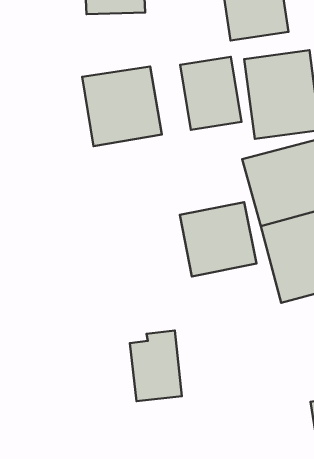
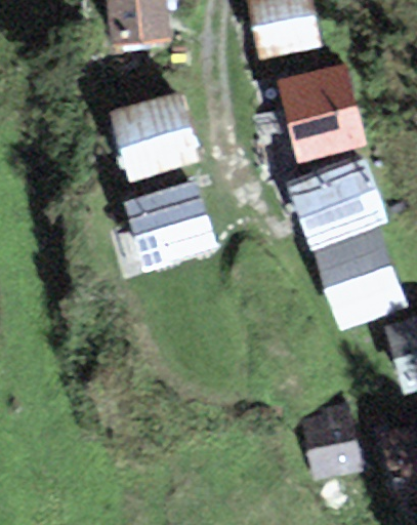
building: [180,57,242,130] -> none
building: [180,202,256,276] -> [129,186,214,269]
building: [130,330,182,401] -> [303,402,363,480]

